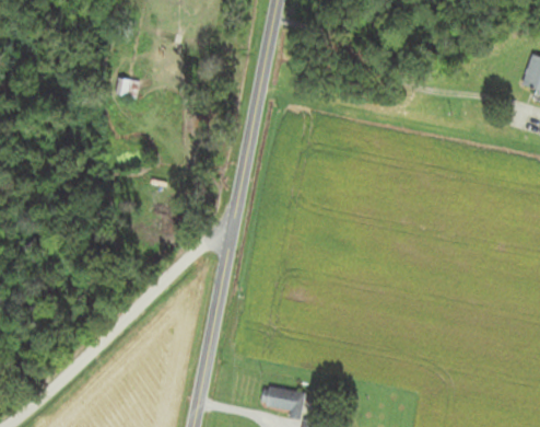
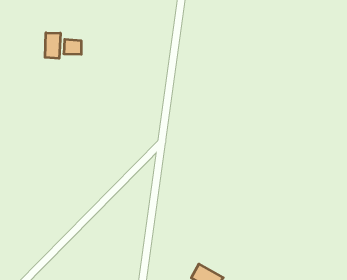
building: none -> [45,33,60,58]

